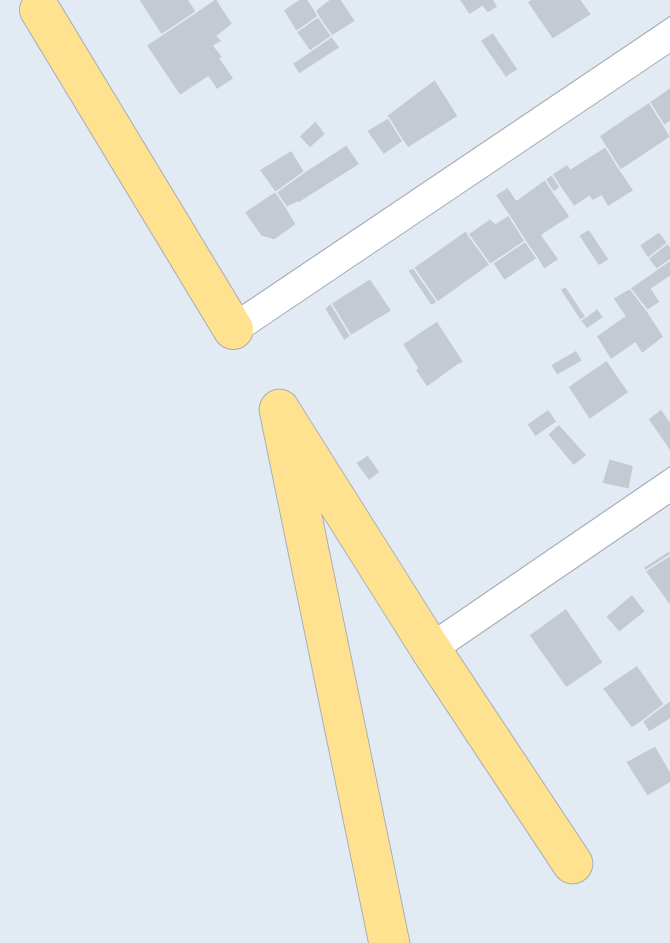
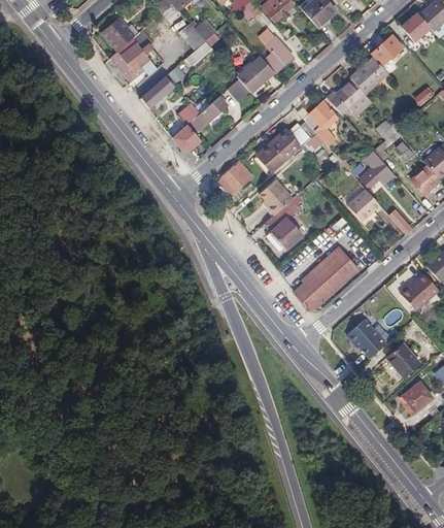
building: none -> [266,38,294,71]
building: none -> [140,74,174,113]
building: none -> [266,201,304,246]
building: none -> [295,248,358,308]

